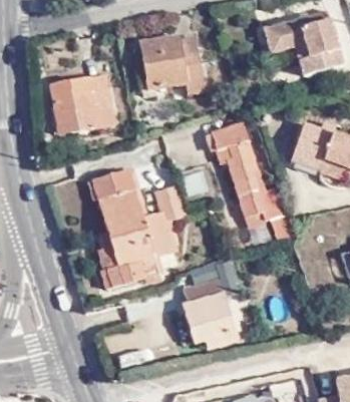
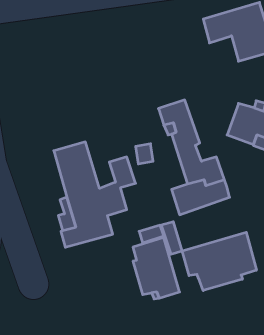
building: [139,34,203,93] -> none
building: [50,73,115,134] -> none
building: none -> [182,232,256,291]

